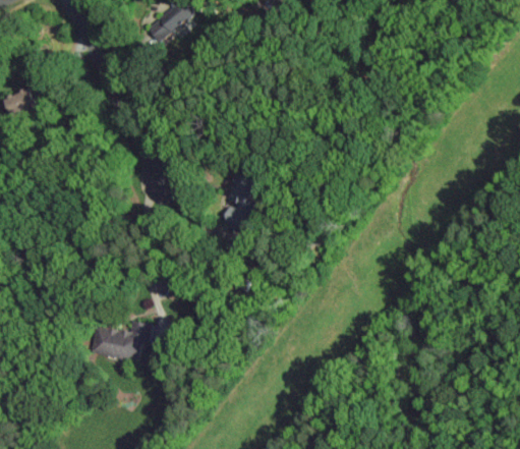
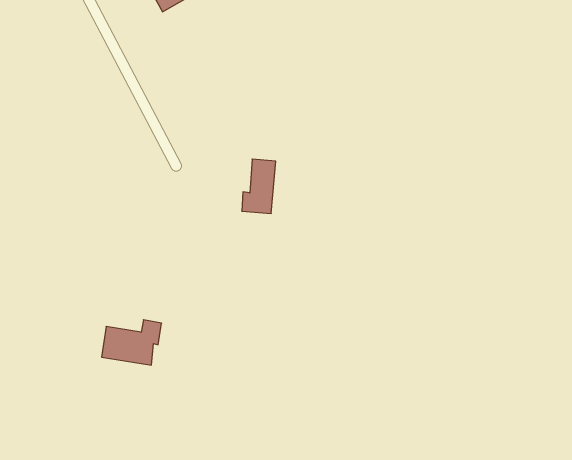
building: [8,89,41,115] -> none

